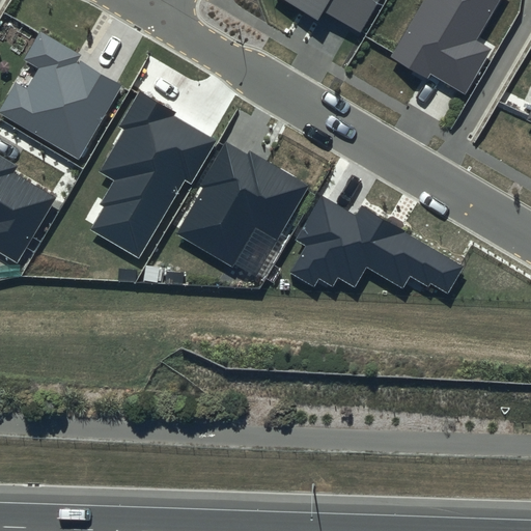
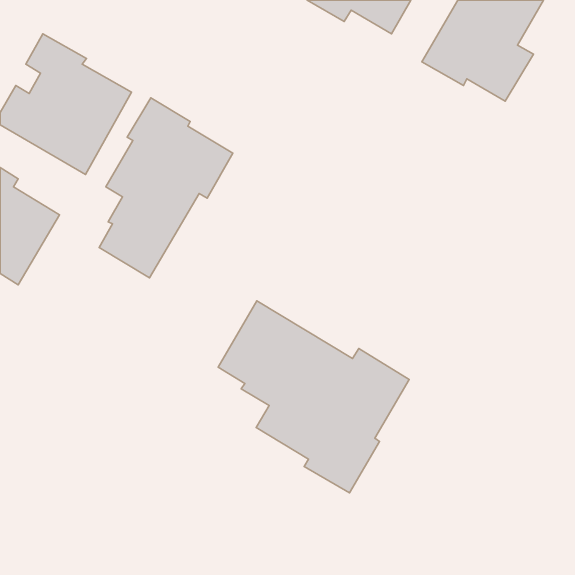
building: [176,142,308,274] -> none
building: [290,197,465,295] -> none
building: none -> [218,301,409,493]

